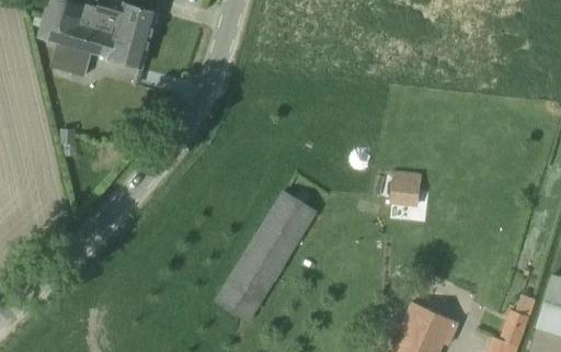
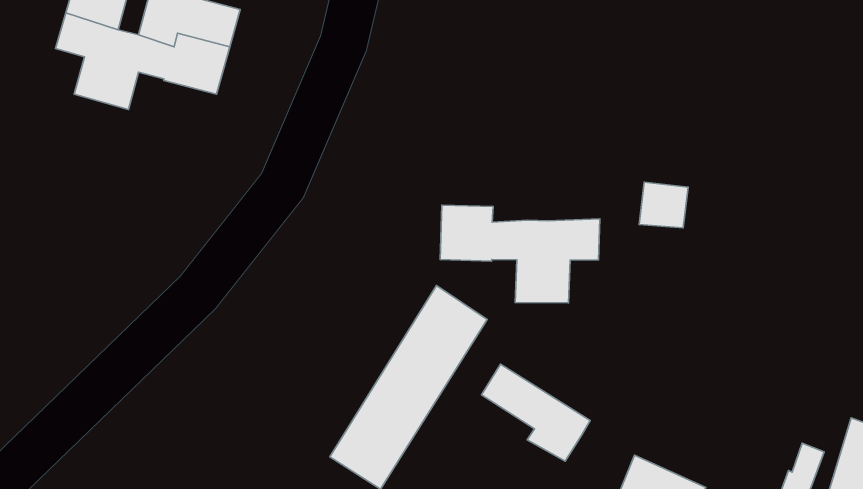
building: none -> [440,205,600,303]
building: [390,174,422,204] -> [639,182,688,228]
building: none -> [481,364,590,461]

